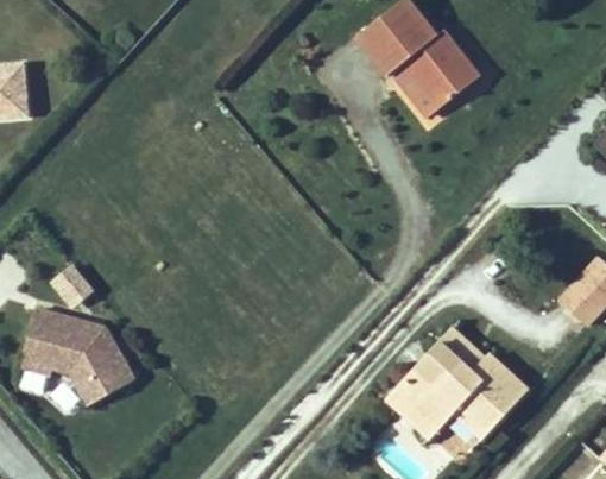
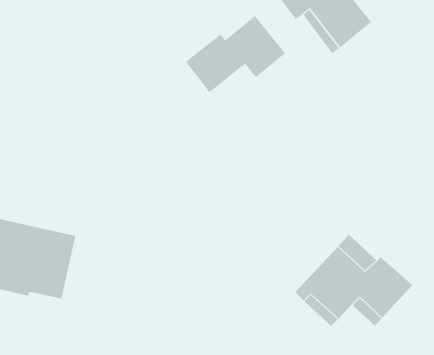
building: none -> [185,15,286,93]
building: [50,264,96,310] -> none

